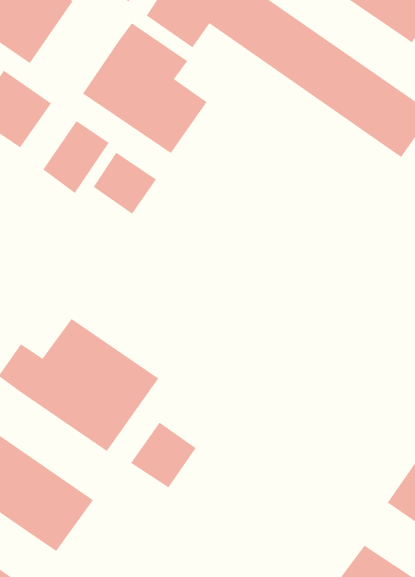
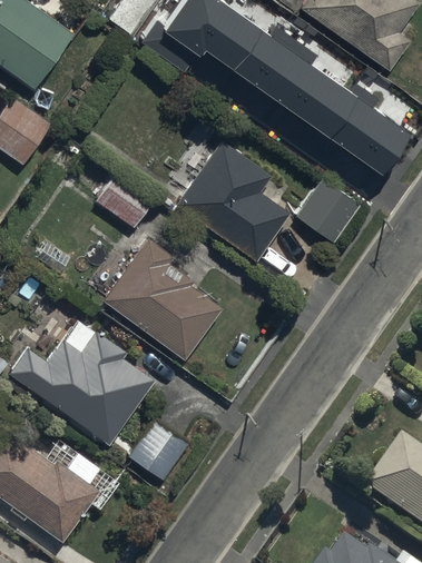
building: [82,22,207,154] -> [174,137,289,258]
building: [43,120,110,194] -> none
building: none -> [296,177,360,239]
building: none -> [101,234,218,354]

